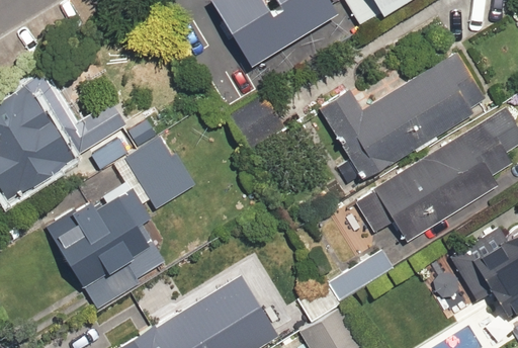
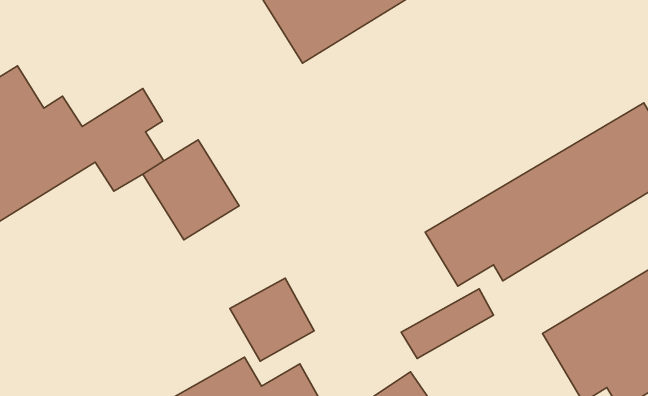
building: [317,51,485,179] -> none
building: [47,184,171,319] -> none

